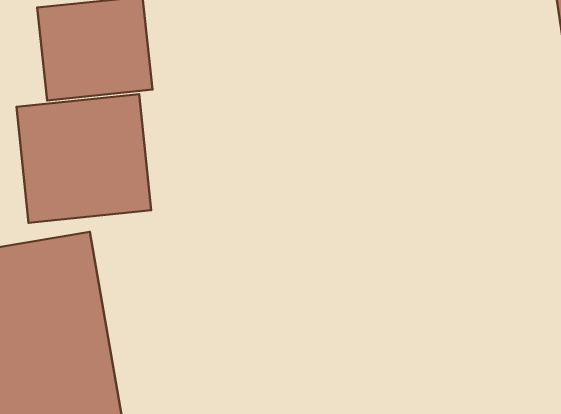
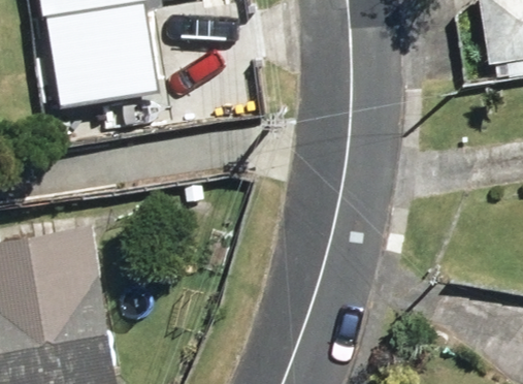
building: [17,94,151,223] -> none

